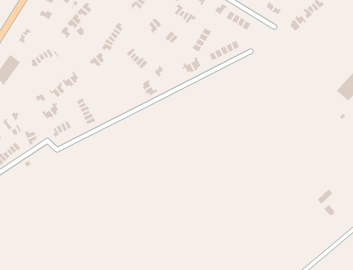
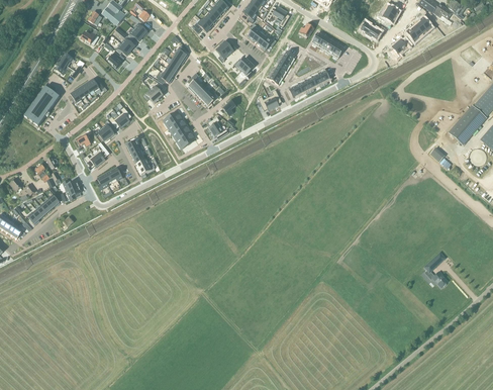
building: none -> [164,112,195,147]

